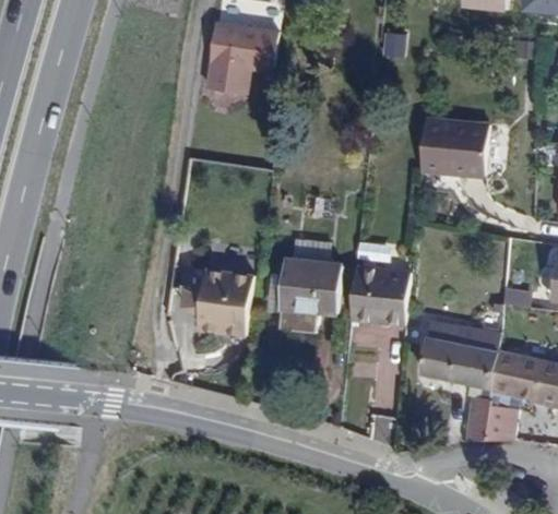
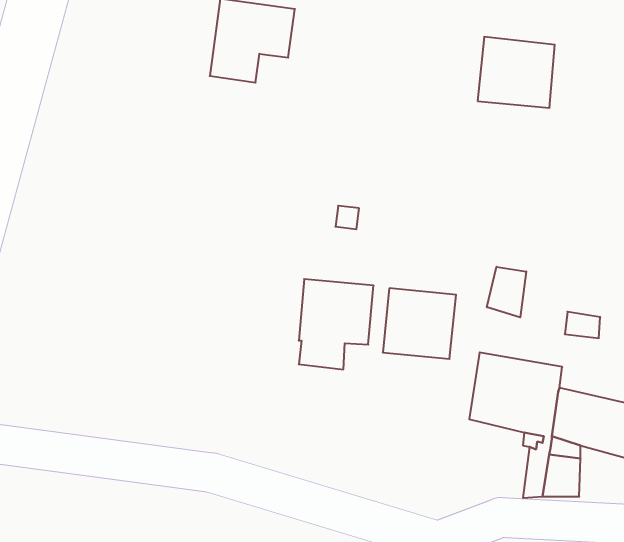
building: [419,117,484,176] -> [478,37,555,108]
building: none -> [487,267,526,317]
building: [188,268,251,335] -> none

